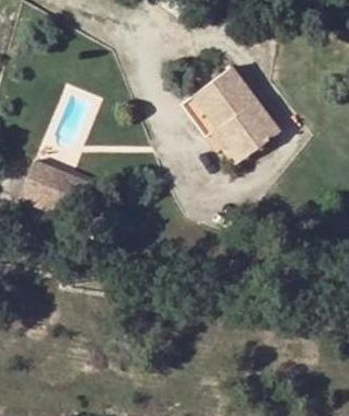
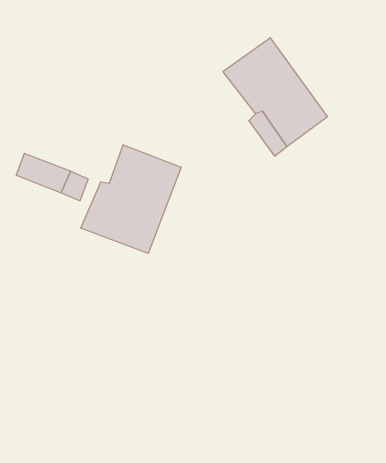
building: none -> [81,145,181,253]

